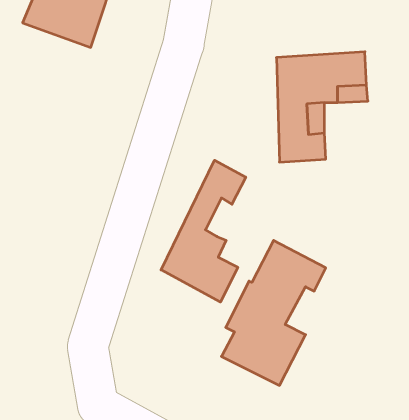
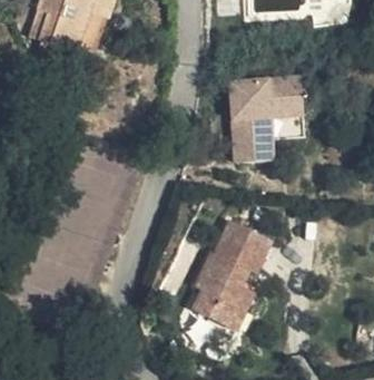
building: [161,160,246,302] -> none

